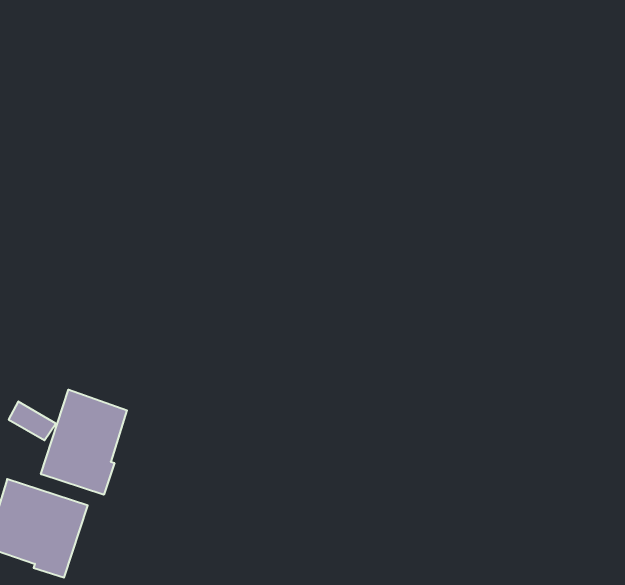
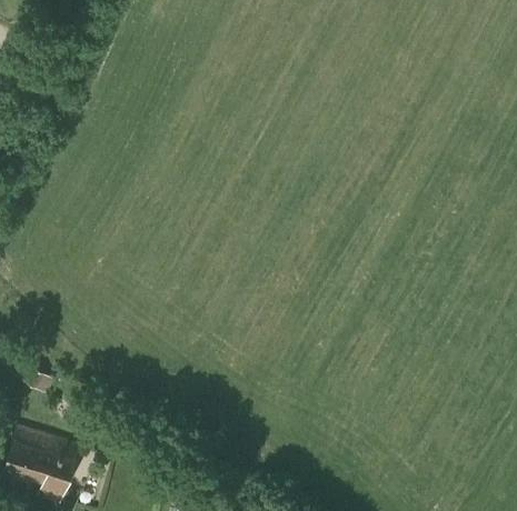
building: [41,390,127,495] -> none

